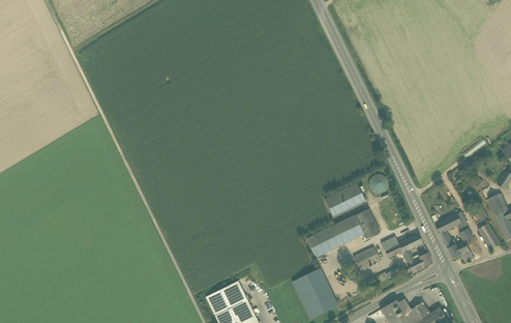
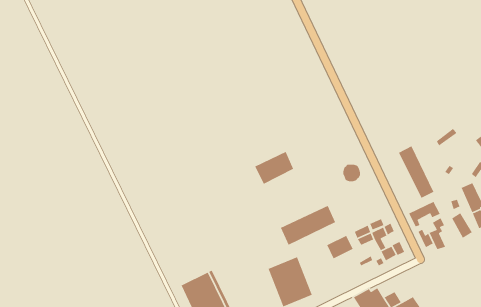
building: none -> [398,145,435,199]
building: [324,183,364,217] -> [254,151,294,185]
building: [354,208,379,238] -> none

